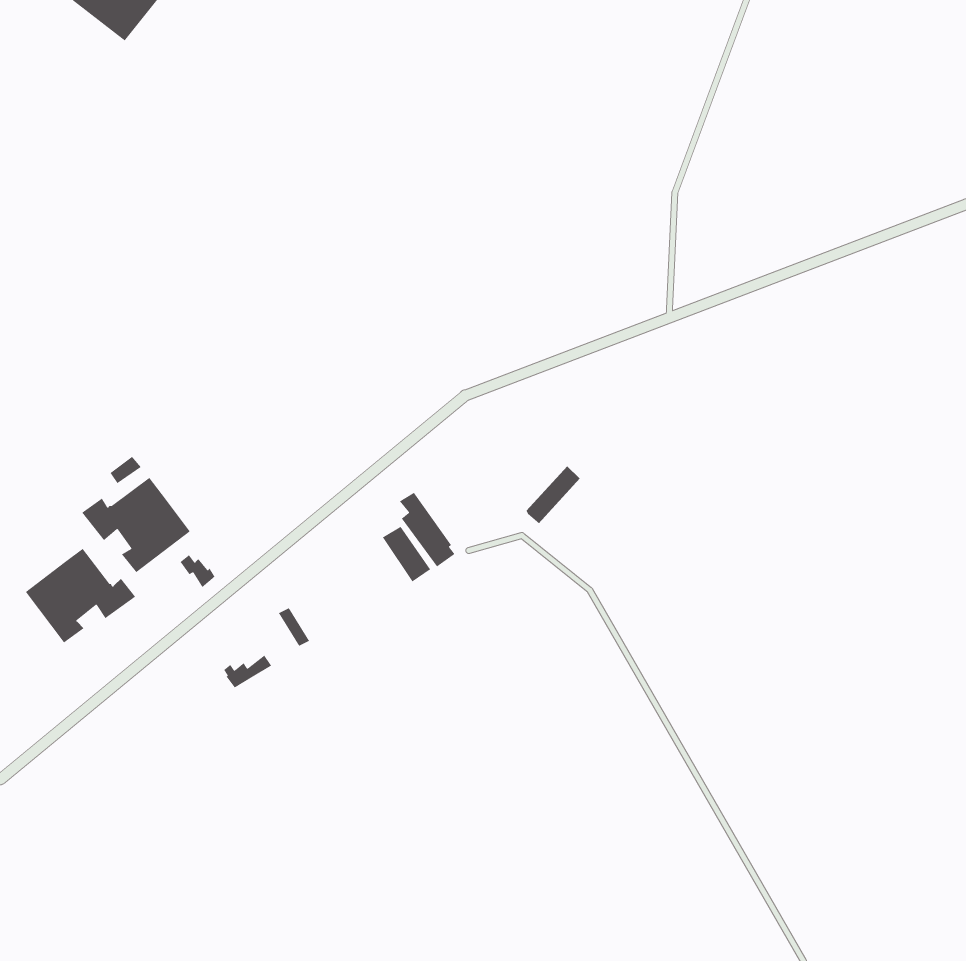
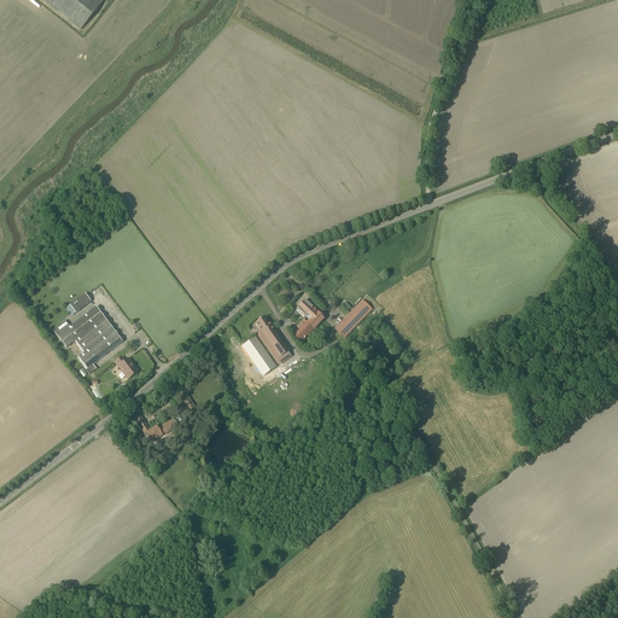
building: none -> [292,297,325,340]
building: [25,548,136,643] -> none

